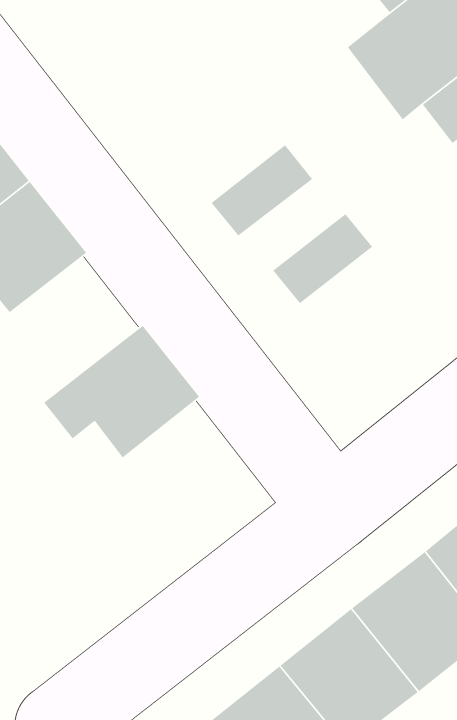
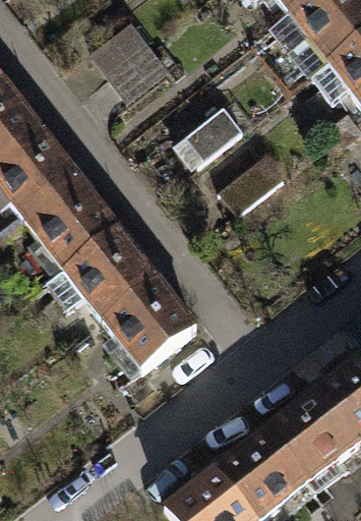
building: none -> [89,21,173,104]
building: none -> [33,182,125,282]
building: none -> [111,282,204,382]

